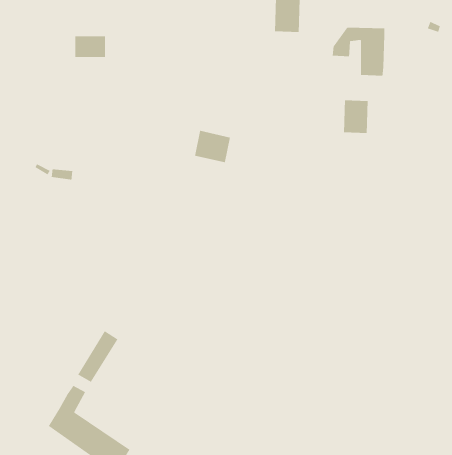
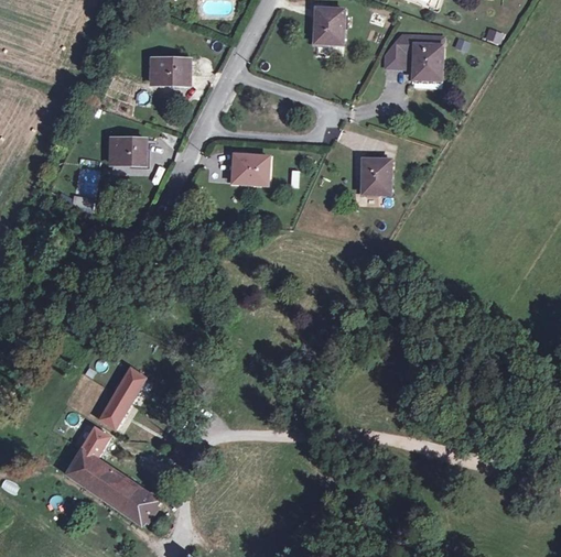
building: [74,36,106,58] -> [149,57,183,81]
building: [343,99,369,134] -> [357,161,385,198]
building: none -> [105,135,143,162]

